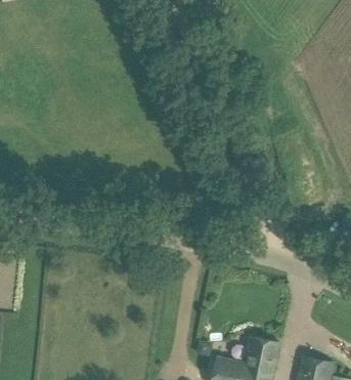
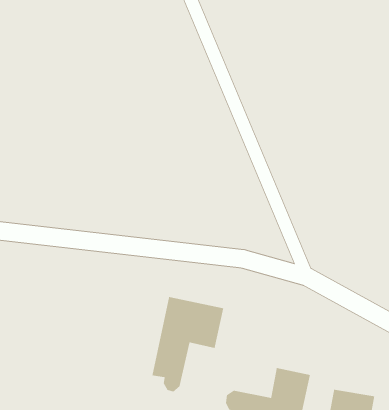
building: none -> [152,296,224,393]

